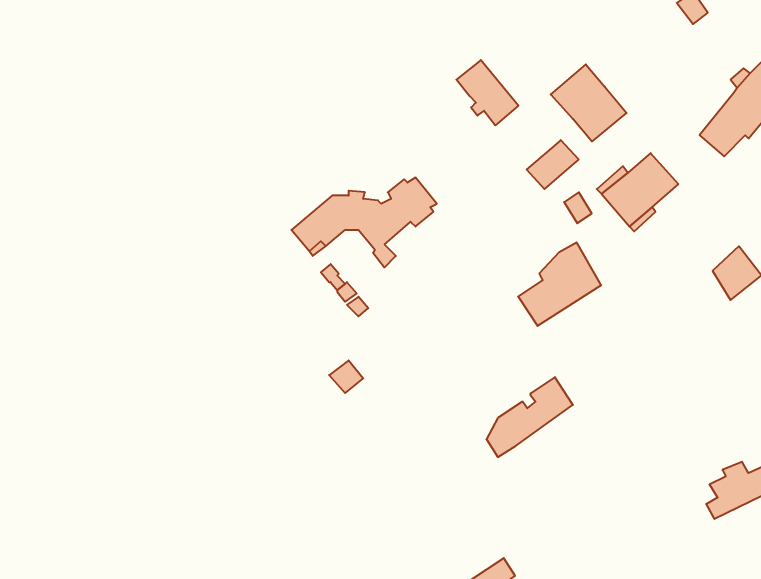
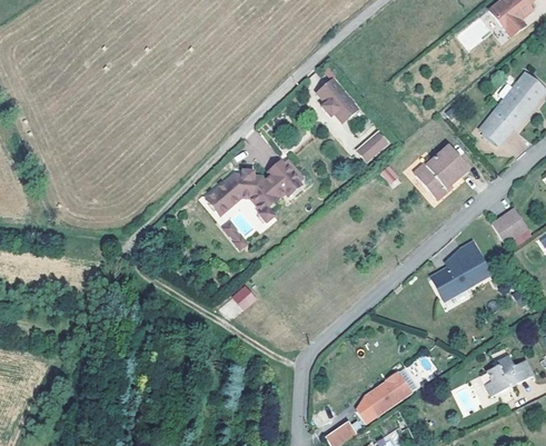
building: [551,64,627,141] -> none
building: [518,243,601,326] -> [429,242,486,299]
building: [486,377,573,457] -> [357,368,416,423]

